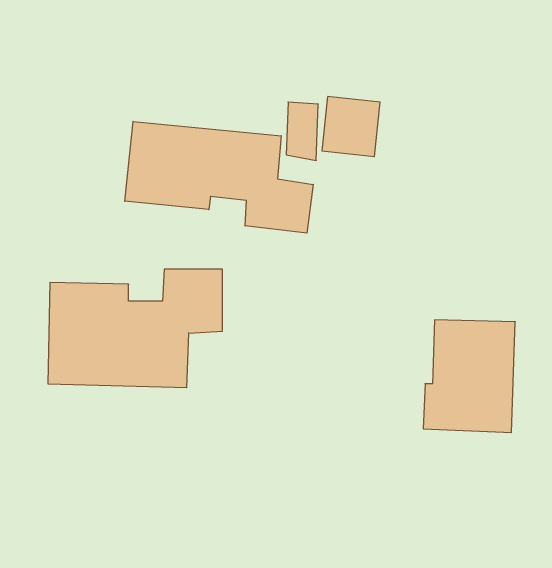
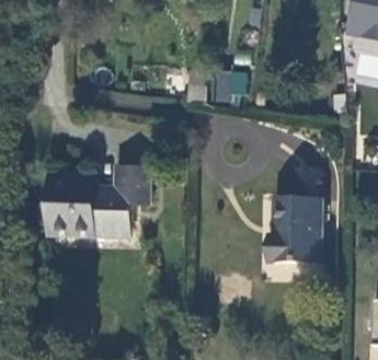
building: [125,121,313,233] -> none

